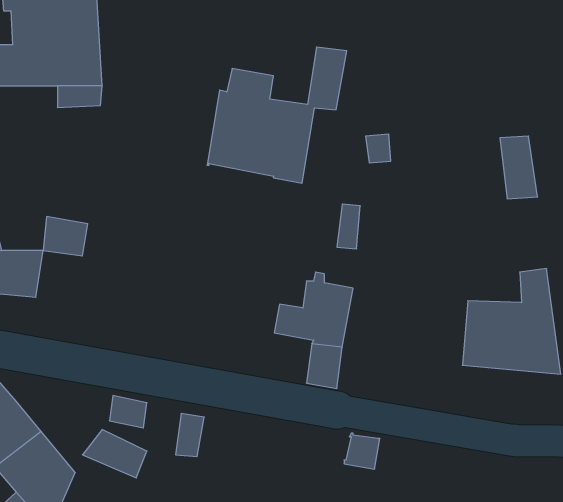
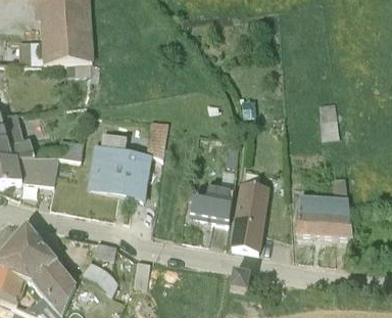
building: [207,47,347,183] -> [89,121,168,198]
building: none -> [232,157,268,242]

